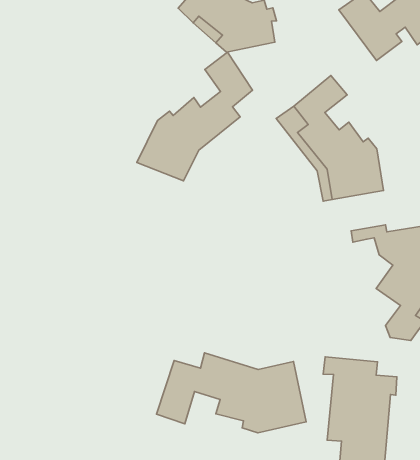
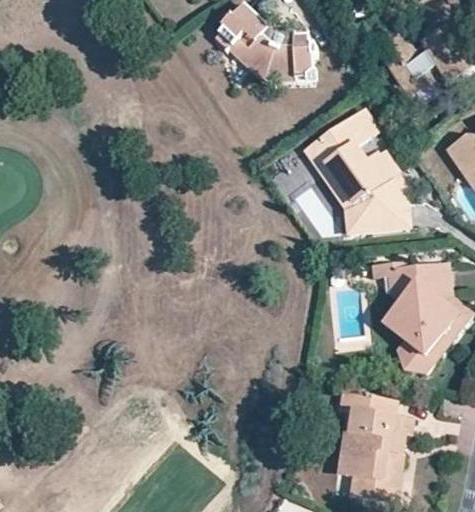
building: [137,52,253,181] -> none
building: none -> [381,271,416,358]
building: [156,353,306,433] -> none

